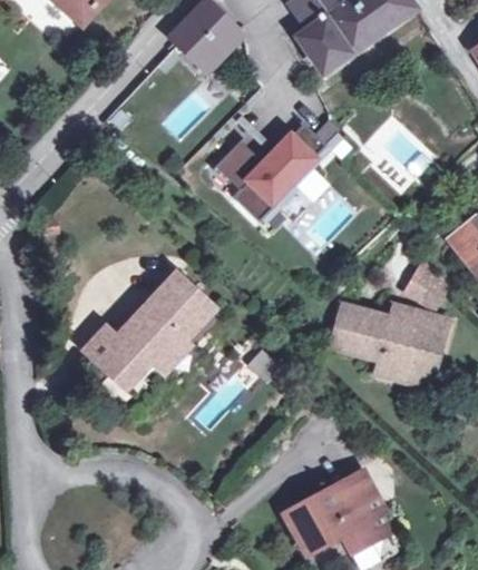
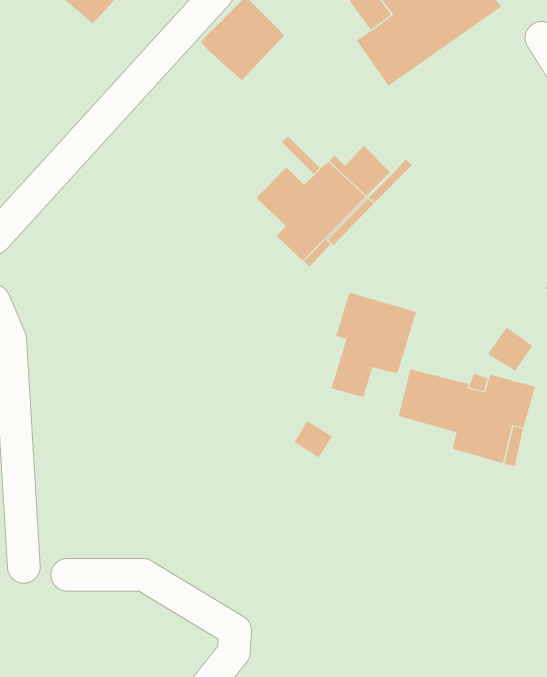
building: none -> [331,292,417,398]
building: [85,274,212,387] -> none
building: [285,474,384,553] -> none

